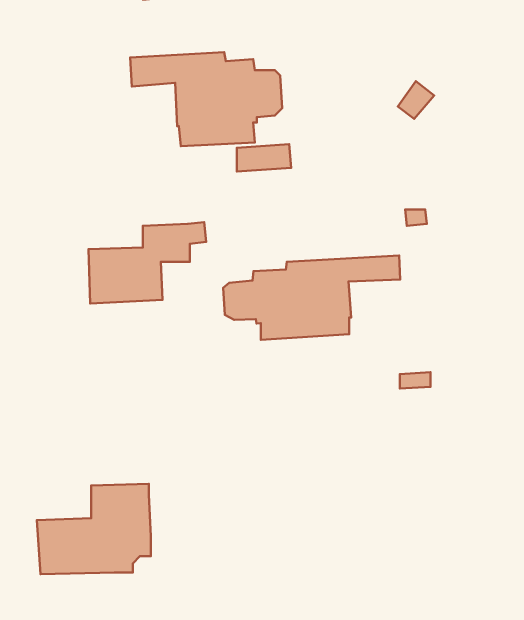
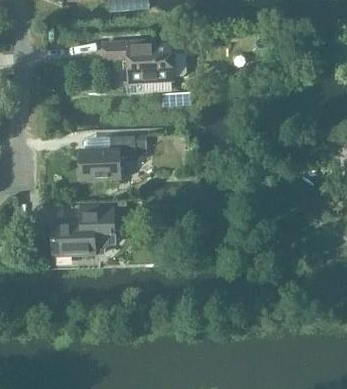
building: [223,256,400,340] -> none
building: [37,484,151,574] -> [50,205,113,255]

